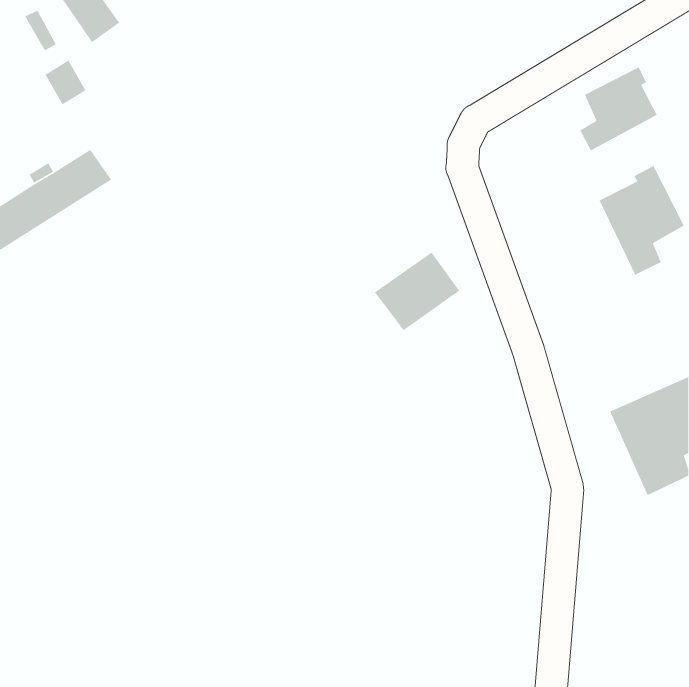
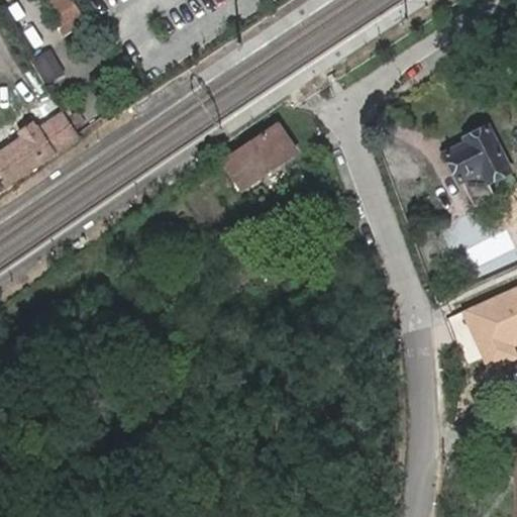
building: [579,66,658,151] -> none
building: [374,252,460,331] -> [230,124,295,184]

